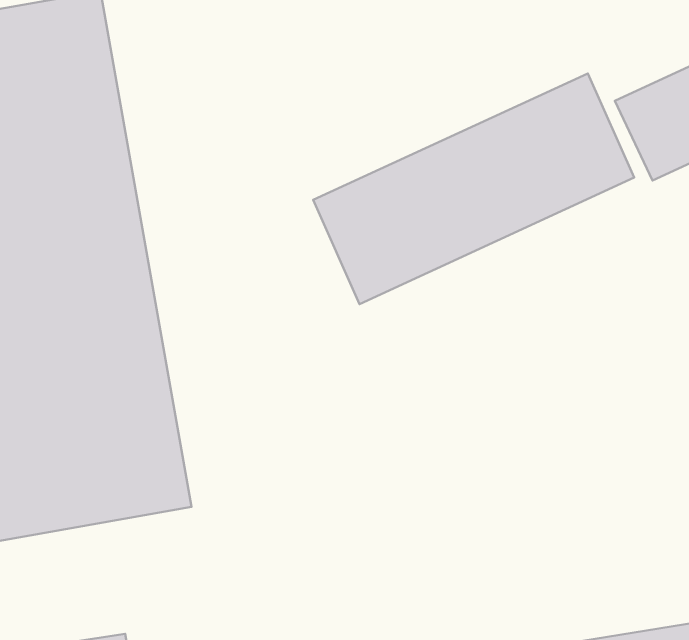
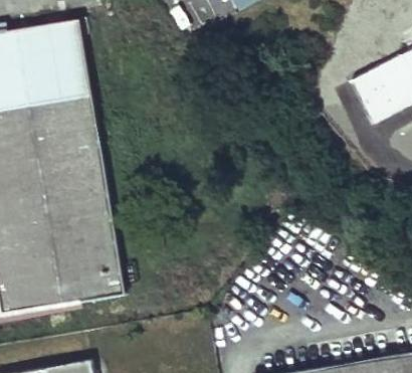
building: [313,73,634,304] -> none

